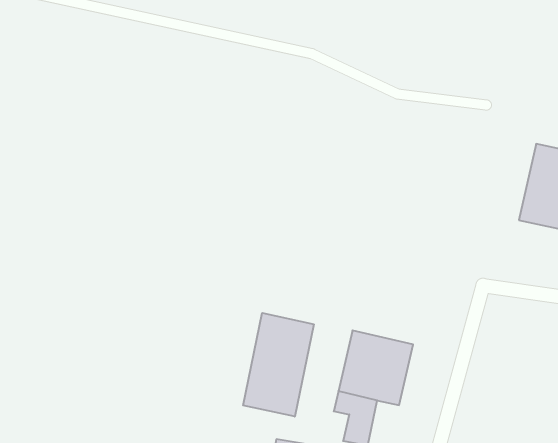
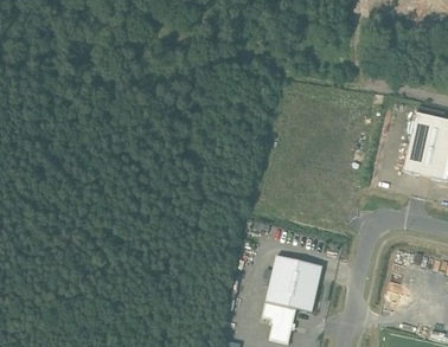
building: [243,313,314,417] -> none

